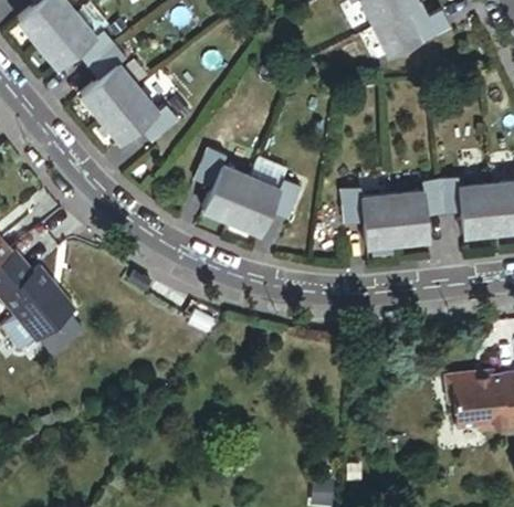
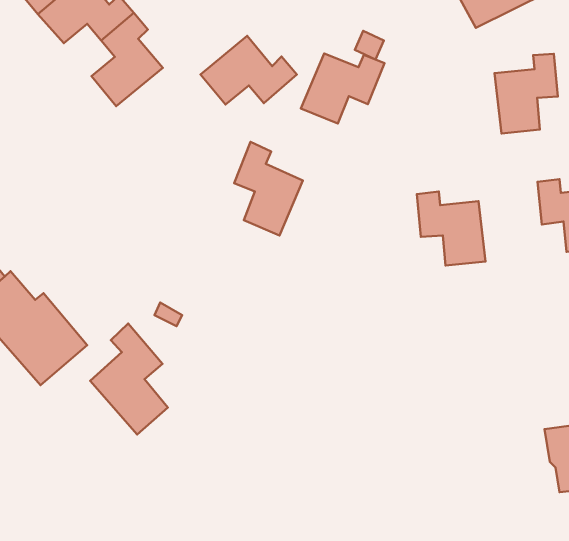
building: [99,87,177,142] -> [201,36,297,105]
building: [231,178,298,234] -> [301,54,384,124]
building: [391,179,442,243] -> [495,54,558,134]
building: none -> [90,324,168,435]

